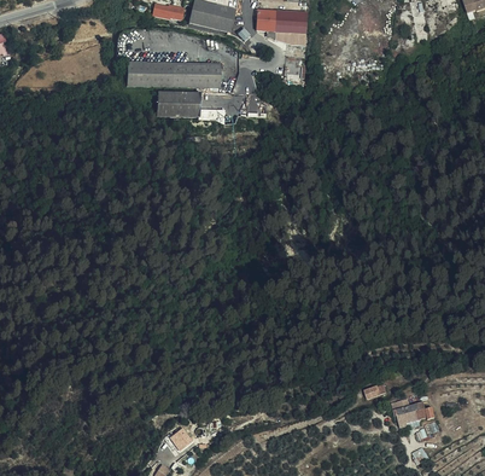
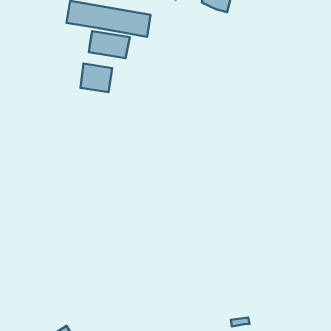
building: none -> [80,63,112,92]

